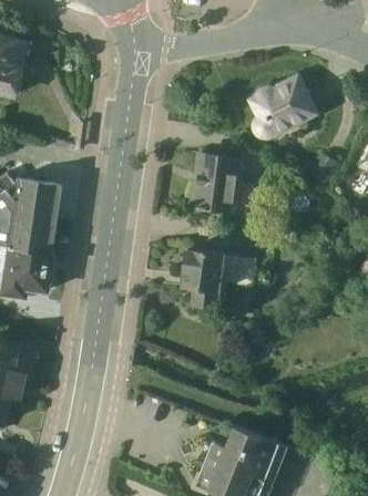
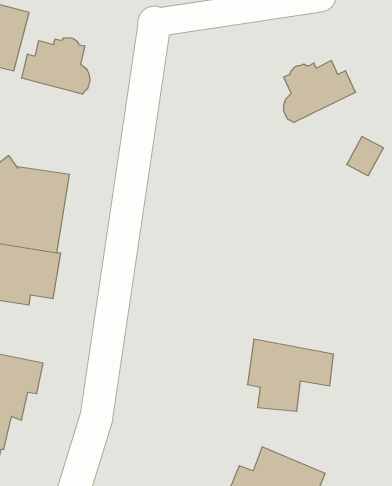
building: none -> [22,38,90,94]
building: [192,153,255,214] -> none
building: [178,246,254,309] -> [247,339,334,411]

